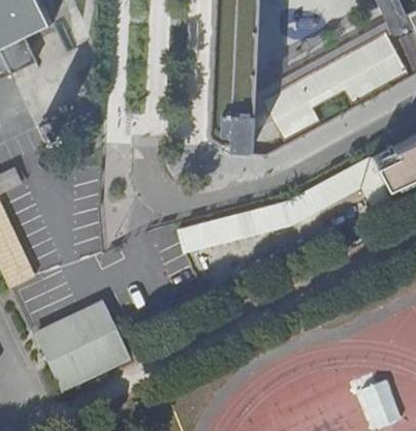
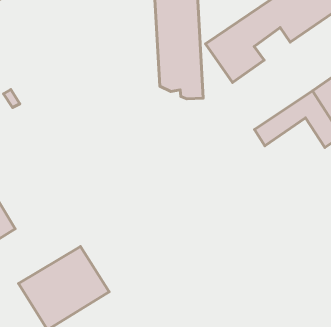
building: [177,194,312,253] -> none

